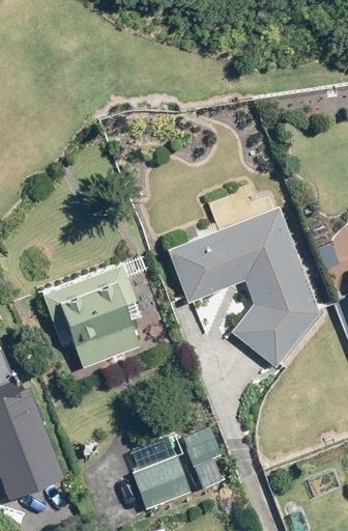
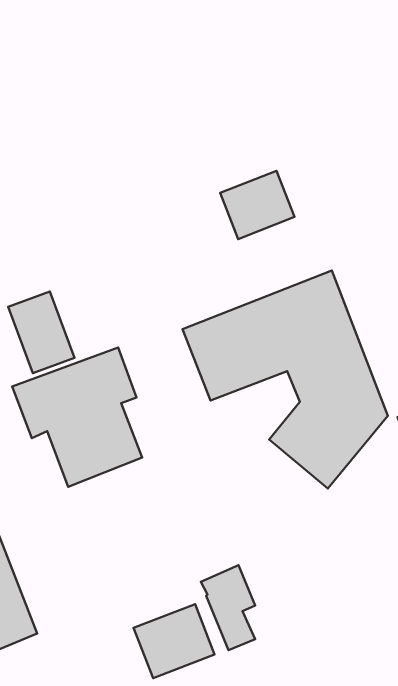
building: none -> [220,171,295,239]
building: none -> [8,292,74,373]

